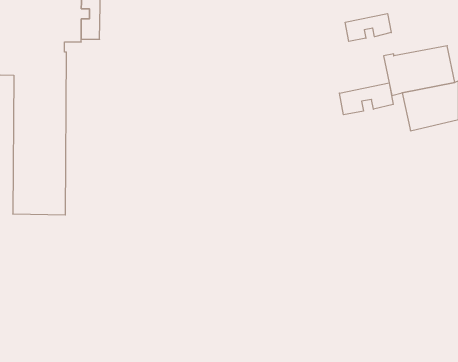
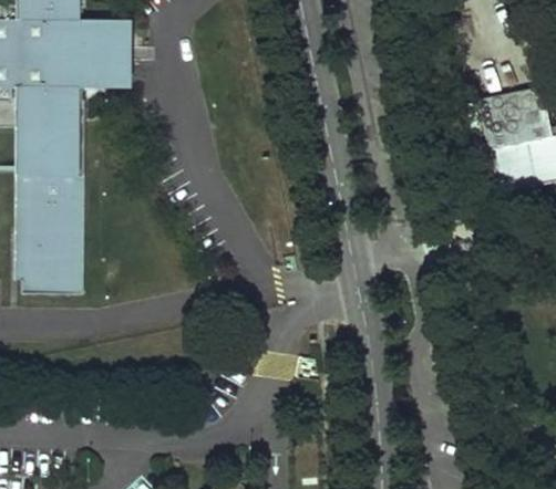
building: [345,14,391,41] -> none
building: [339,83,393,115] -> none

